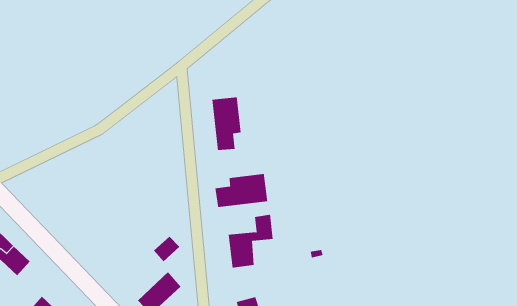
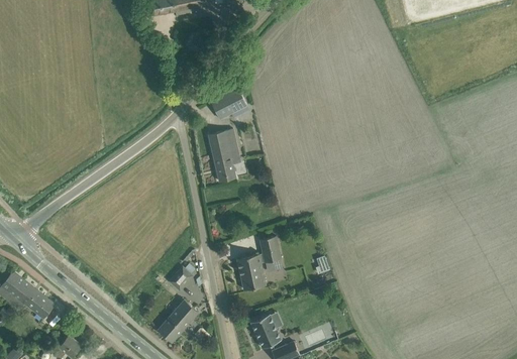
building: none -> [208,82,247,119]
building: [215,173,268,208] -> none

